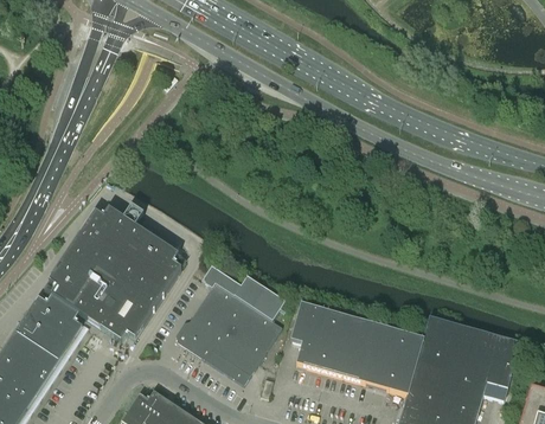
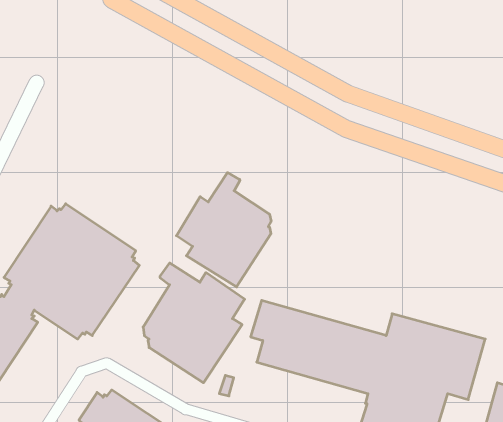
building: none -> [176,173,271,287]

